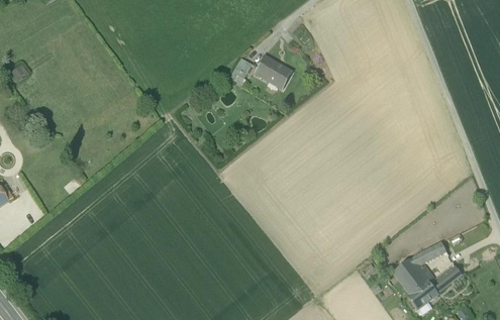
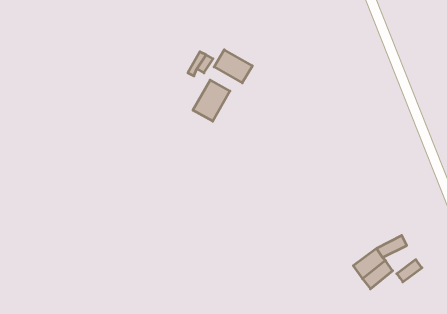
building: none -> [193,80,230,121]
building: [406,275,441,306] -> none

